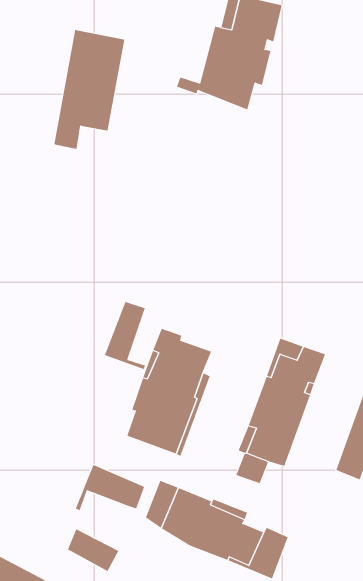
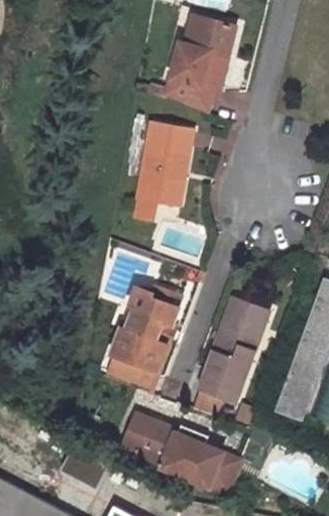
building: [54,30,125,150] -> [133,123,192,221]
building: [104,301,146,370] -> none
building: [75,464,145,511] -> none

